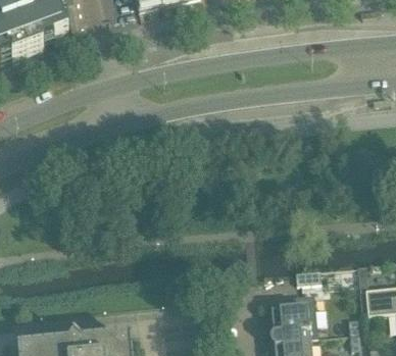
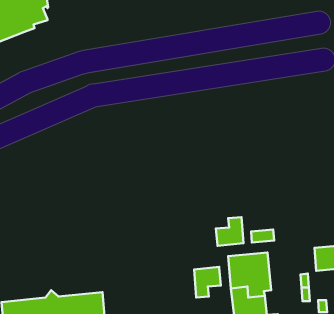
building: none -> [216,217,243,246]
building: none -> [194,267,221,298]

